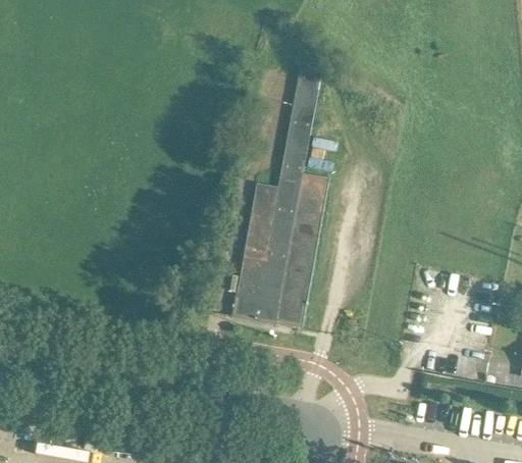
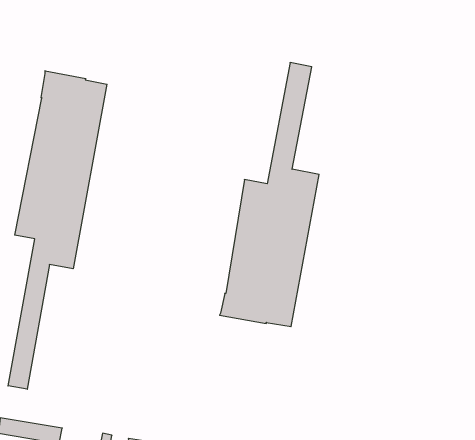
building: none -> [8,71,107,389]

